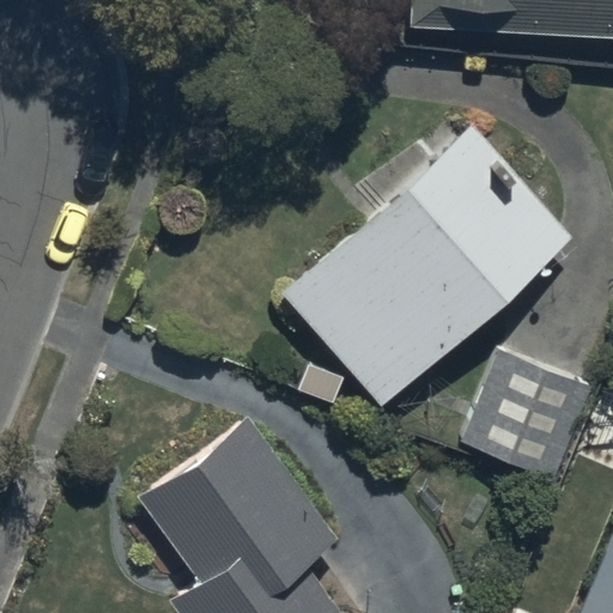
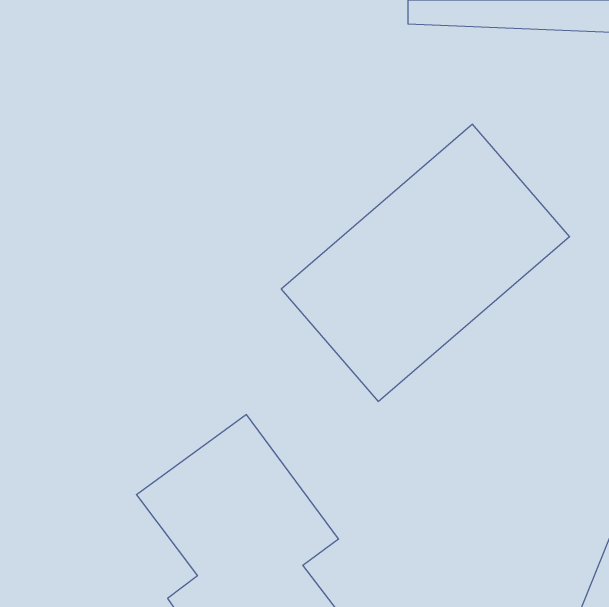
building: [465,351,590,481] -> none

